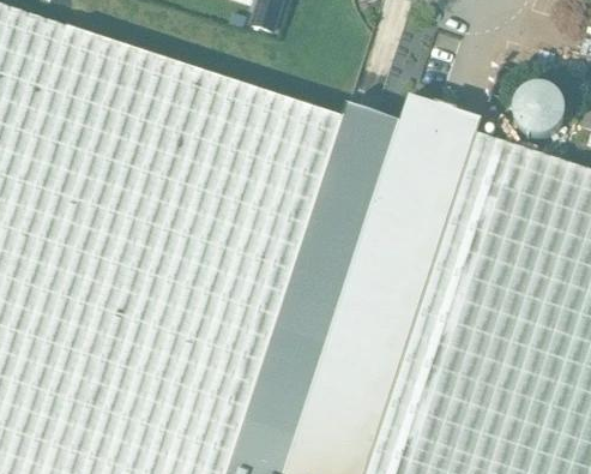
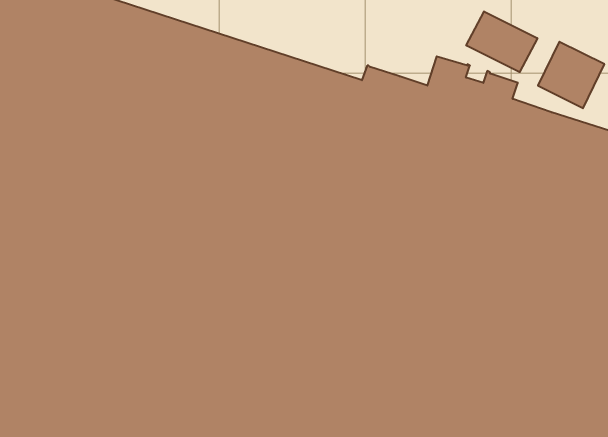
building: none -> [466,11,537,72]

